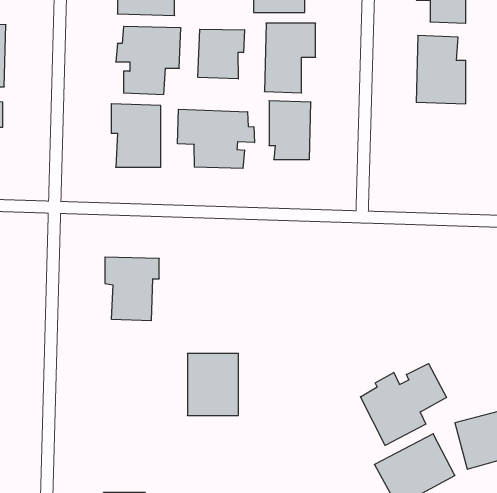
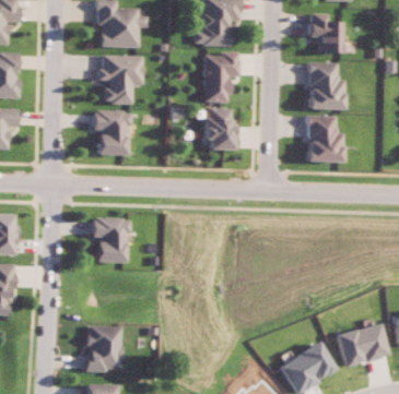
building: [198,29,244,79] -> none
building: [178,109,254,168] -> none
building: none -> [306,116,342,163]
building: [187,353,238,415] -> [85,326,121,370]
building: [360,364,446,445] -> none

